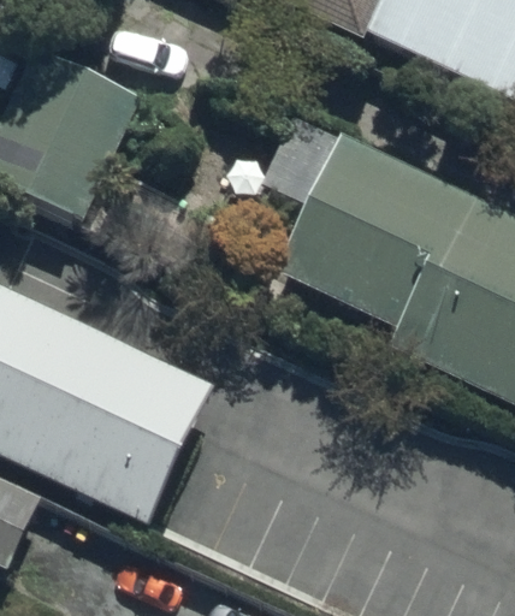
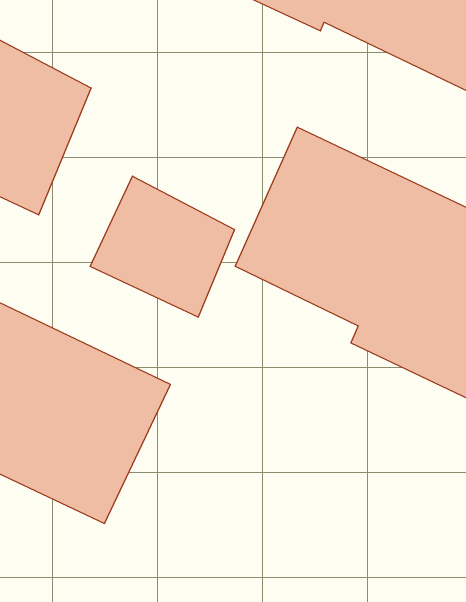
building: none -> [90,176,234,317]

